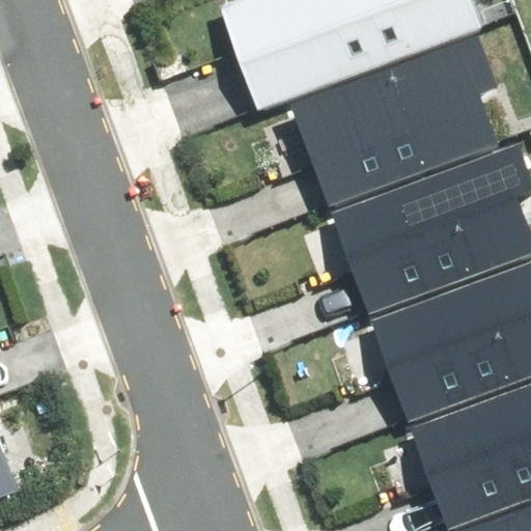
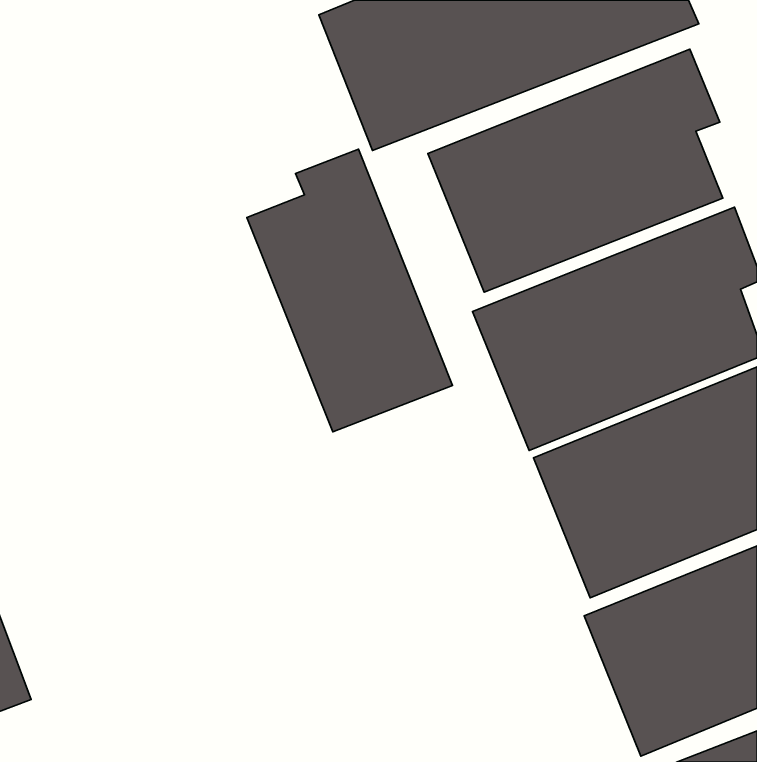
building: none -> [247,149,452,432]

